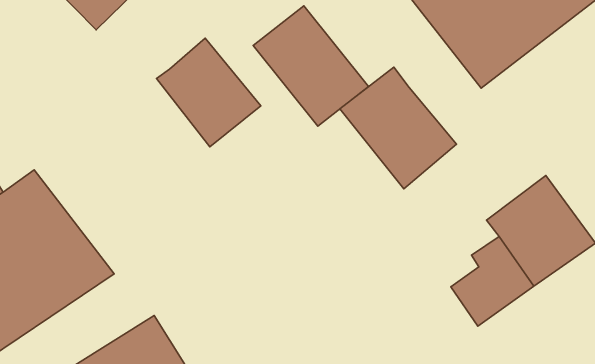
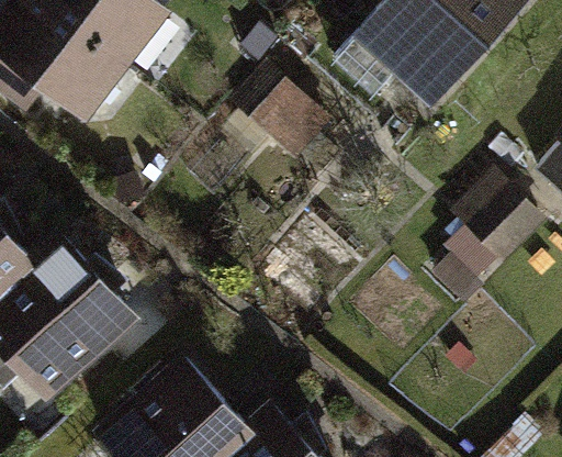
building: [156,38,261,147] -> none
building: [340,67,456,189] -> none

